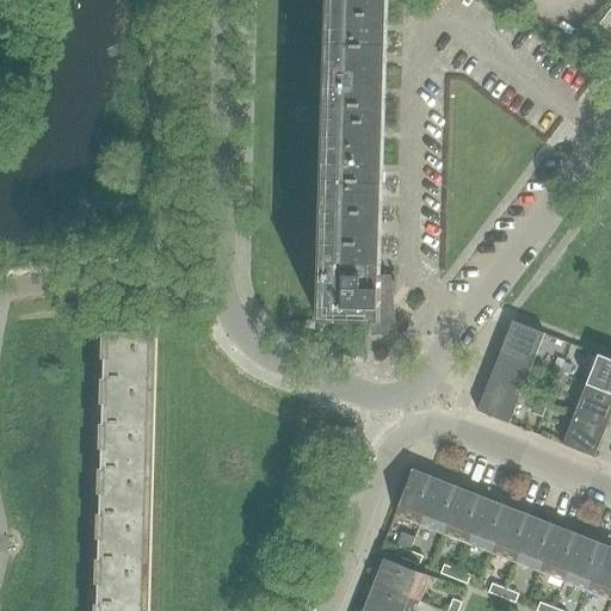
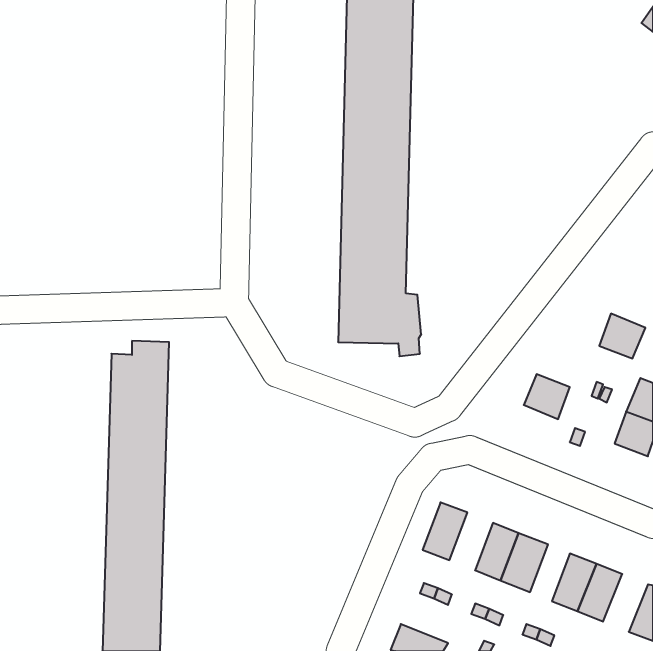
building: [500,319,543,360] -> [599,314,645,358]
building: [475,377,520,421] -> none
building: [561,413,604,455] -> none
building: [419,477,459,531] -> none
building: [494,507,531,560] -> none
building: [562,535,604,588] -> none
building: [374,556,427,599] -> none

